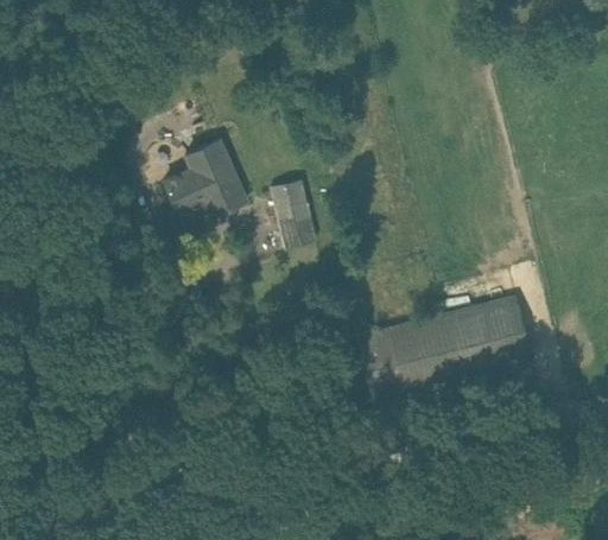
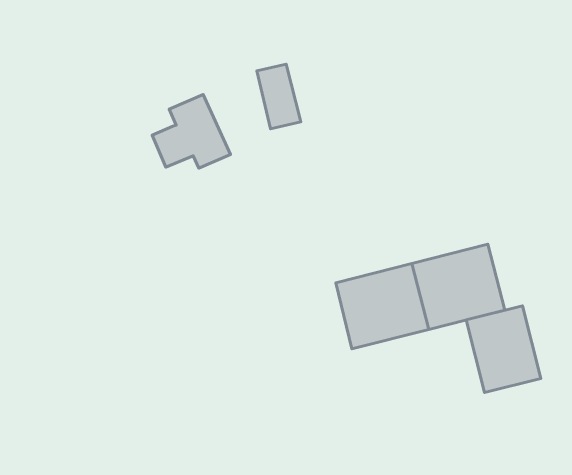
building: [271,178,317,246] -> [257,64,301,129]
building: none -> [466,306,541,392]

